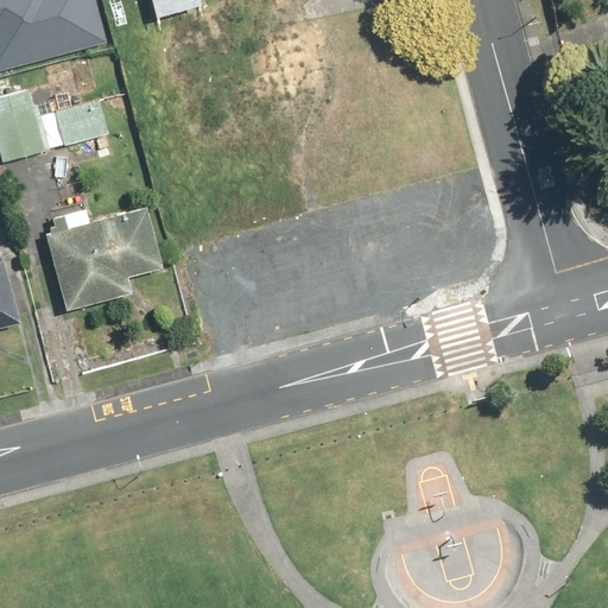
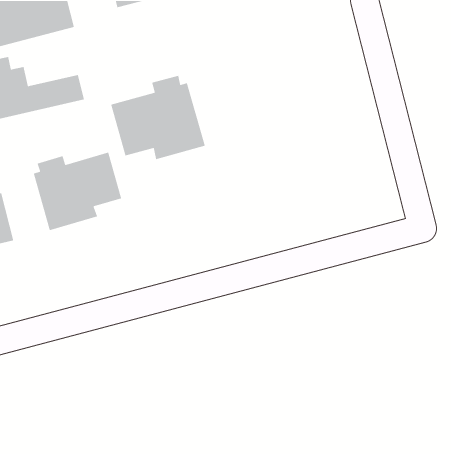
building: none -> [110,75,206,160]

